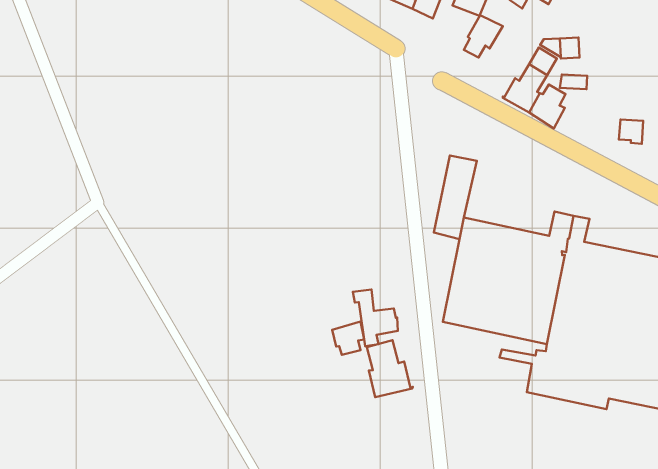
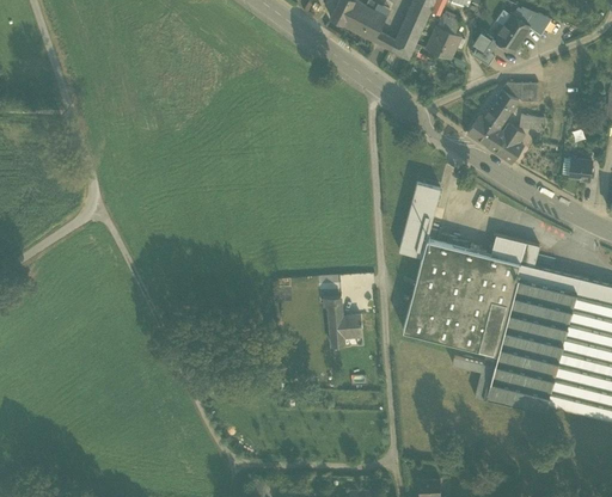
building: [464,15,503,57] -> none
building: [332,322,364,355] -> none
building: [367,340,413,397] -> none

